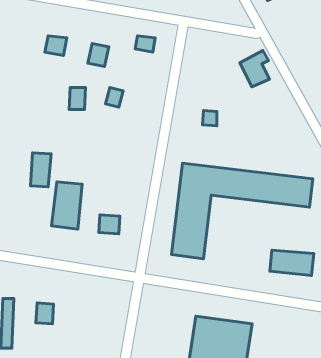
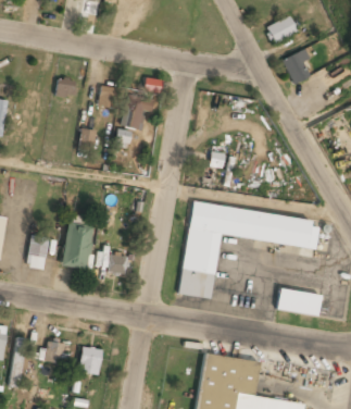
building: [240,51,269,87] -> [283,48,312,84]
building: none -> [123,95,154,128]
building: [30,153,51,187] -> [28,235,49,269]
building: none -> [79,346,103,374]

